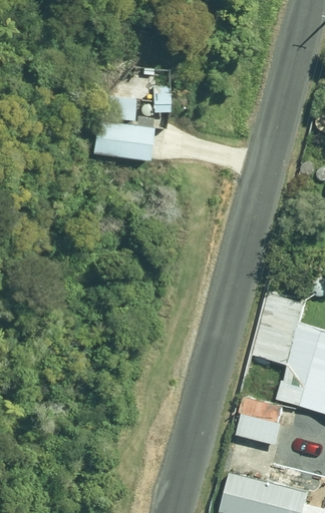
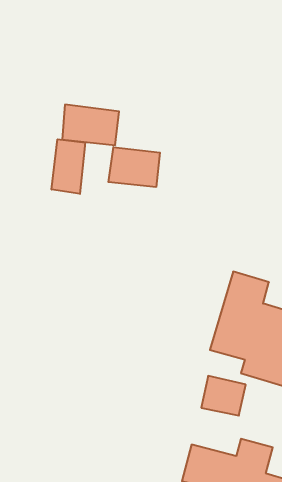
building: none -> [52,139,85,194]
building: none -> [108,147,160,187]

